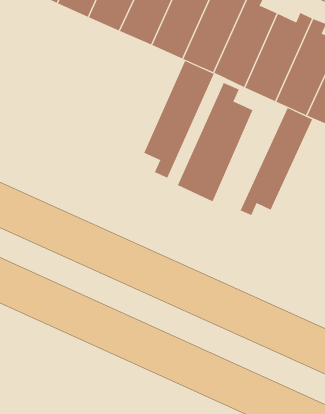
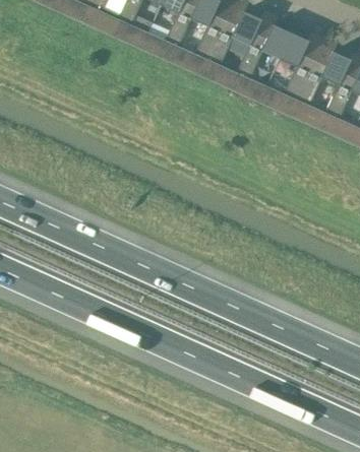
building: [143,60,215,178] -> none
building: [177,82,253,202] -> none
building: [240,107,313,216] -> none

